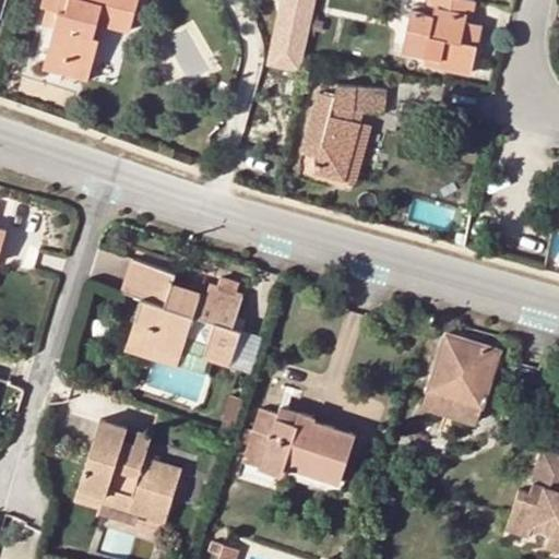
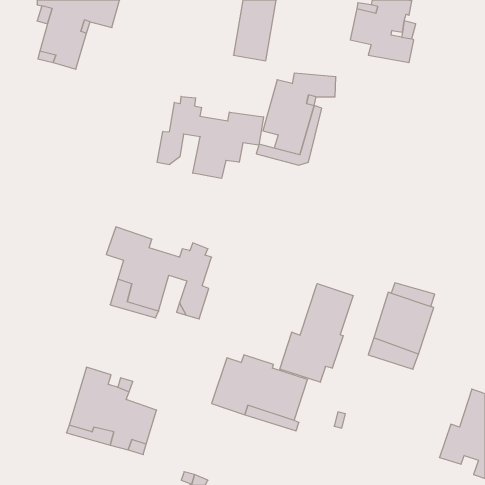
building: none -> [157,96,263,178]
building: none -> [280,284,353,382]

